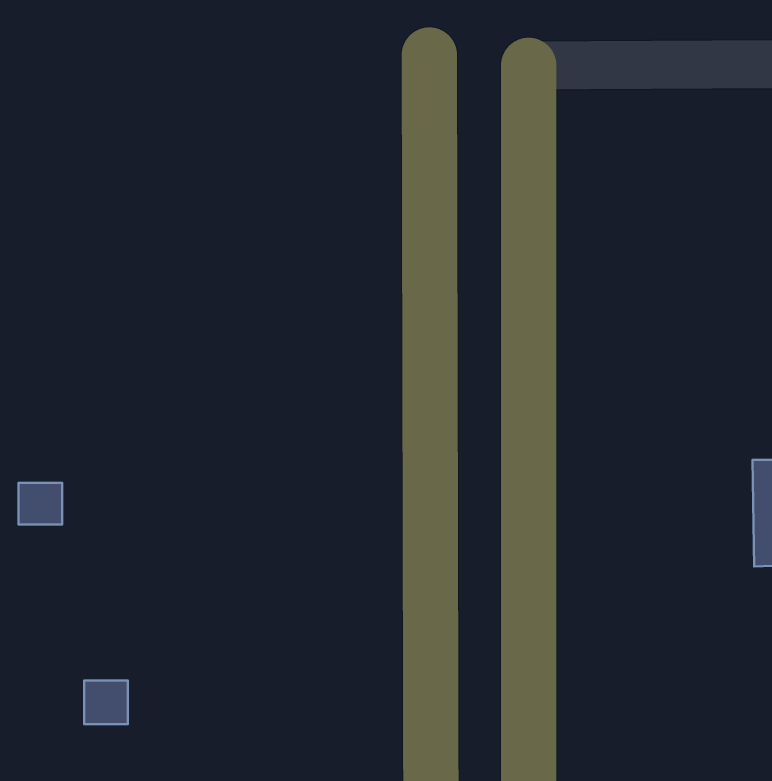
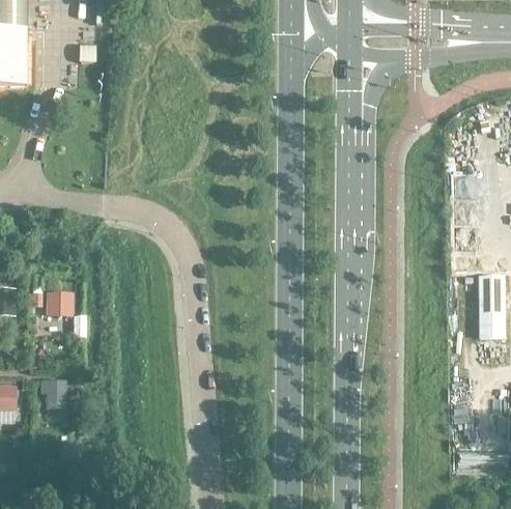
building: [84,680,128,724] -> [46,392,72,418]

